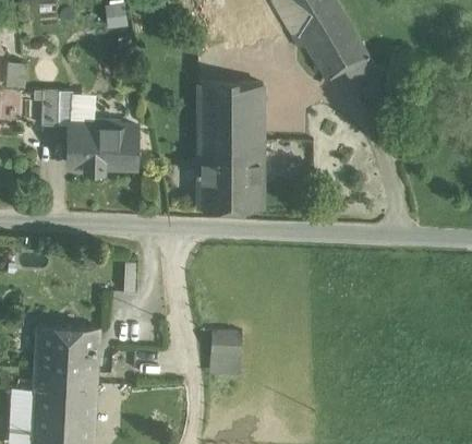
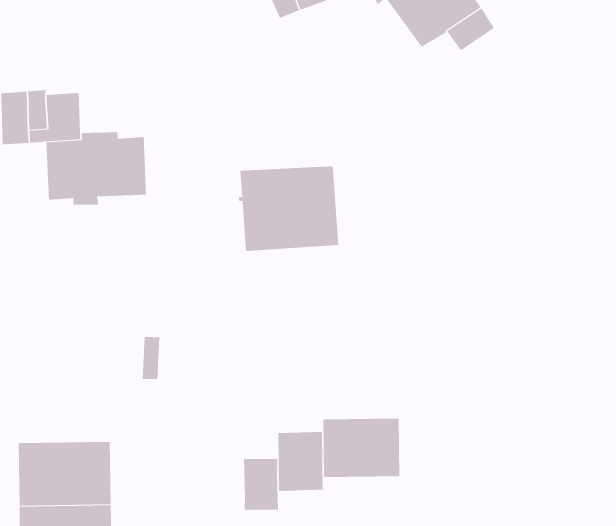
building: [198,86,263,156] -> none
building: none -> [323,418,400,478]
building: none -> [243,458,278,510]

